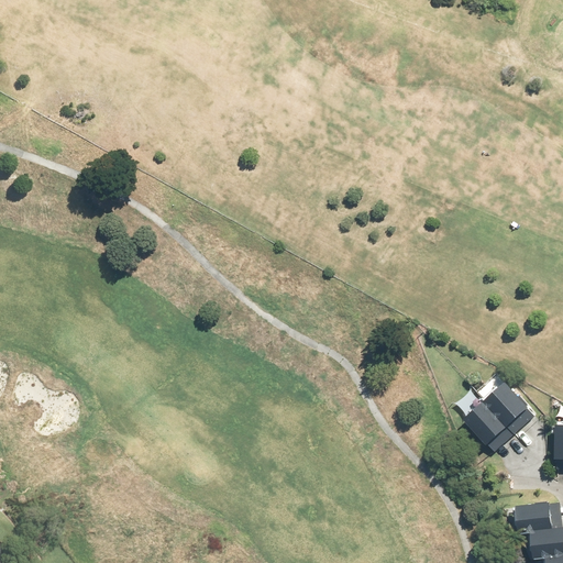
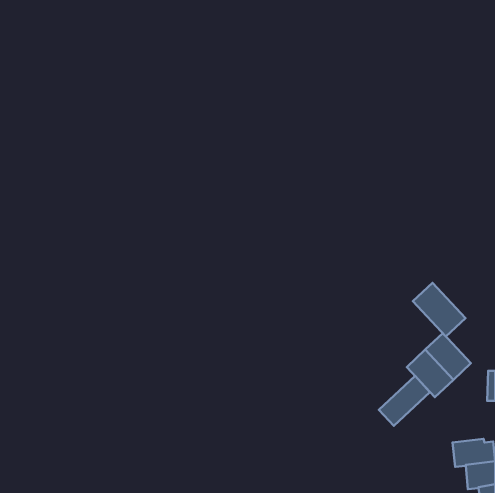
building: none -> [413,283,466,337]
building: none -> [379,376,430,426]

